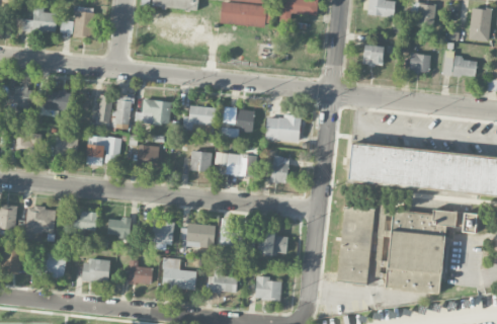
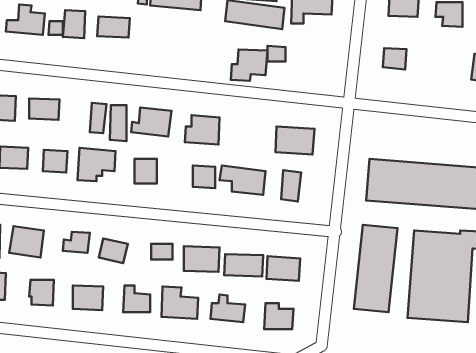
building: none -> [97,17,130,38]
building: [409,54,429,72] -> none
building: [221,108,254,137] -> [231,49,268,81]

